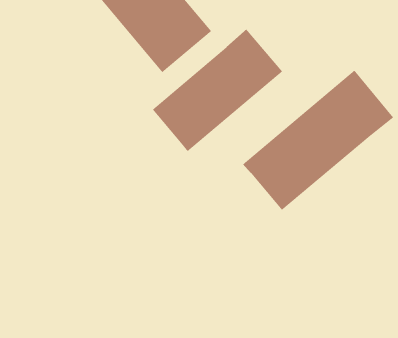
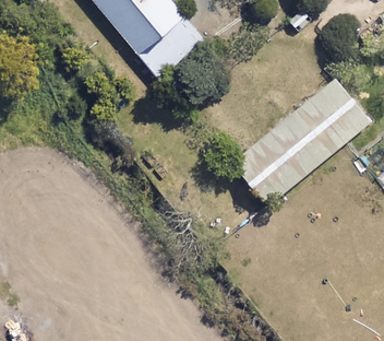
building: [152,29,283,152] -> none

